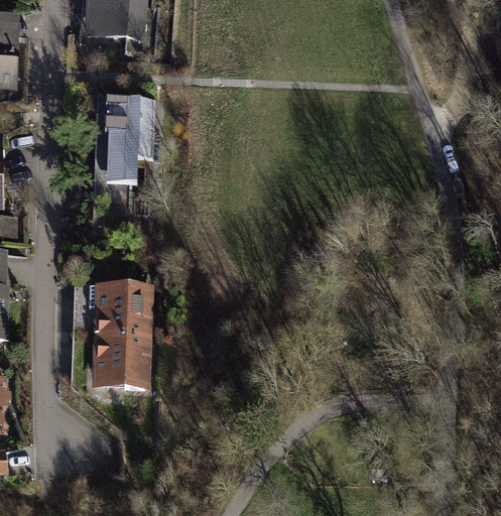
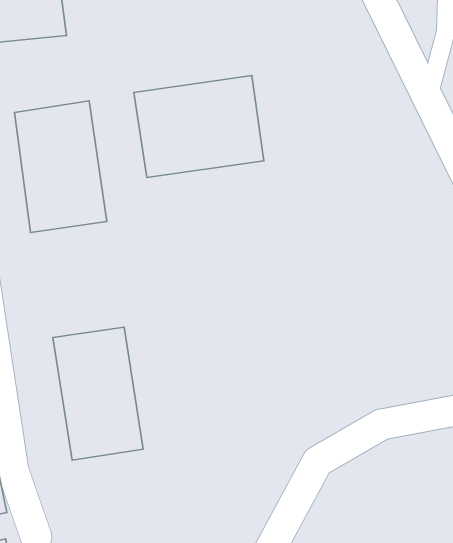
building: none -> [134,75,264,178]

